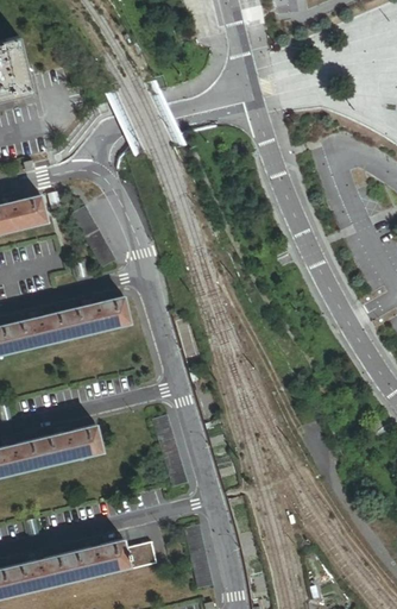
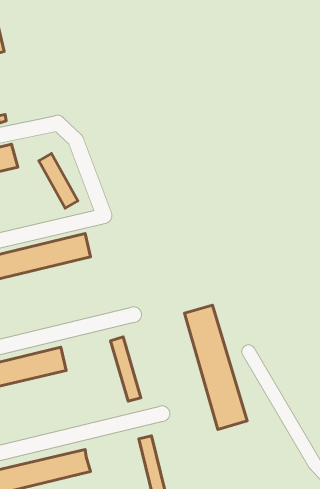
building: none -> [184,305,247,430]
building: [125,541,157,569] -> none

